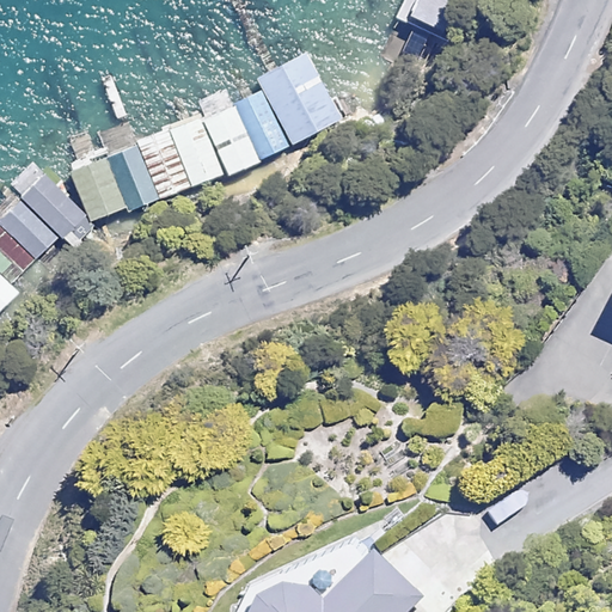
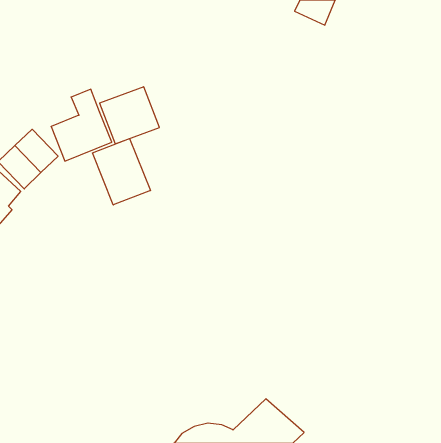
building: [201,55,339,176] -> none
building: none -> [92,139,150,205]

